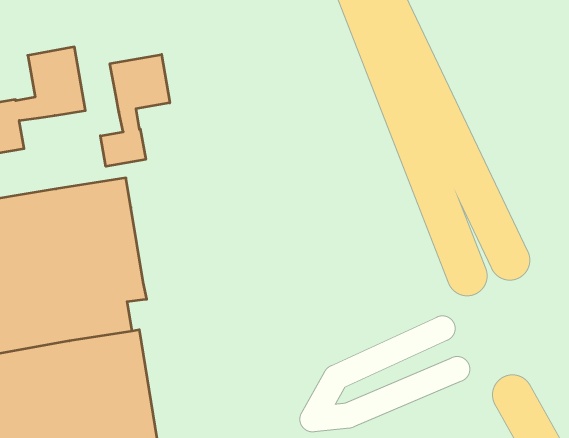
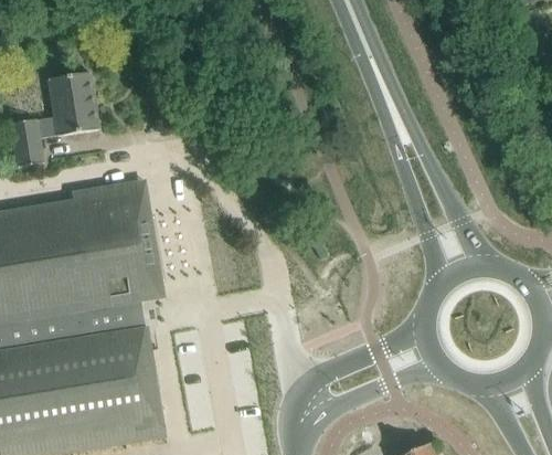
building: [100,54,170,166] -> none

